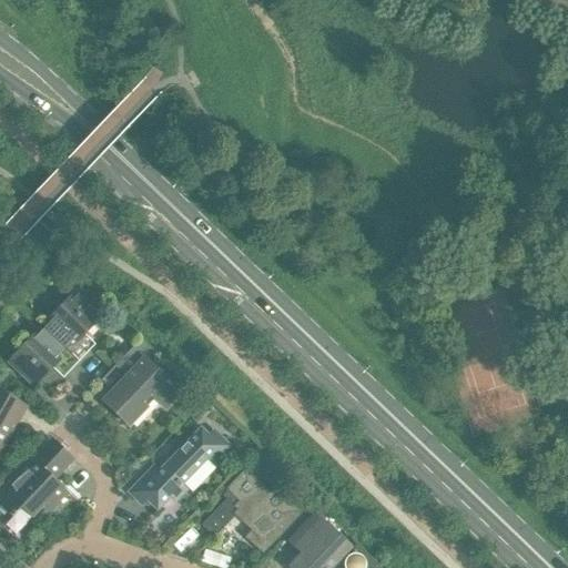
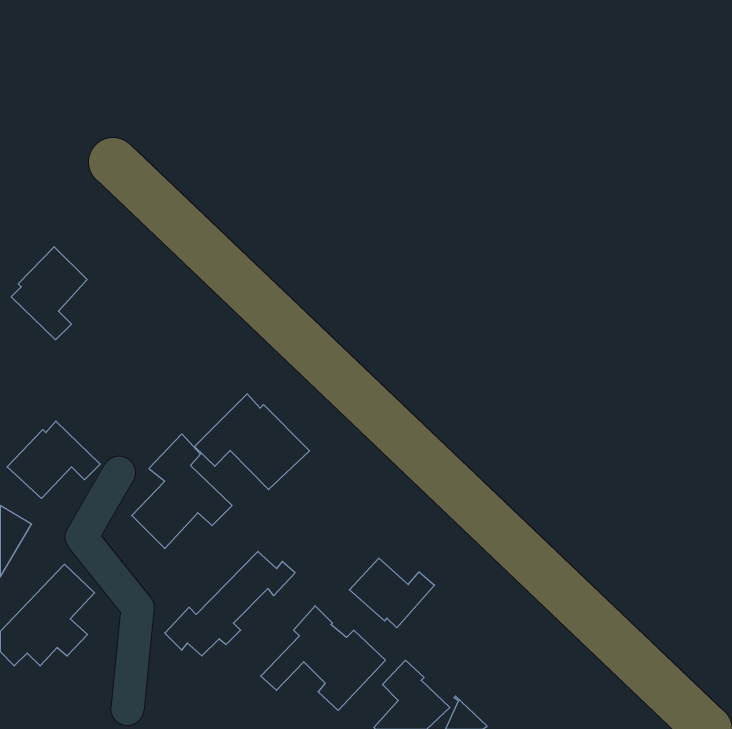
building: [43,287,102,359] -> [11,247,87,340]
building: none -> [195,394,310,490]
building: none -> [349,558,435,628]

